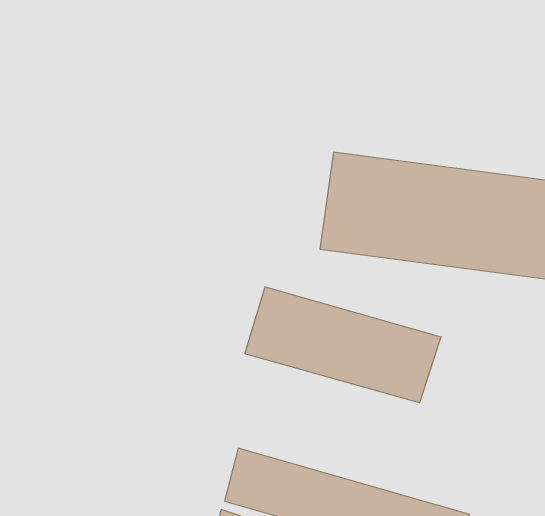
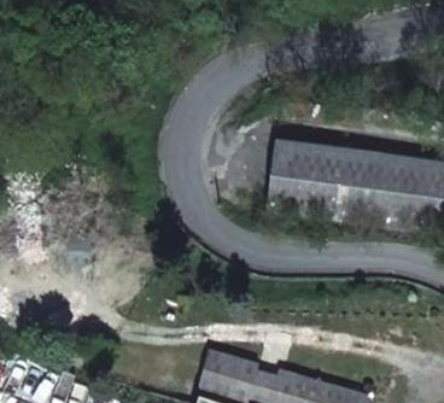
building: [245,287,441,403] -> none

